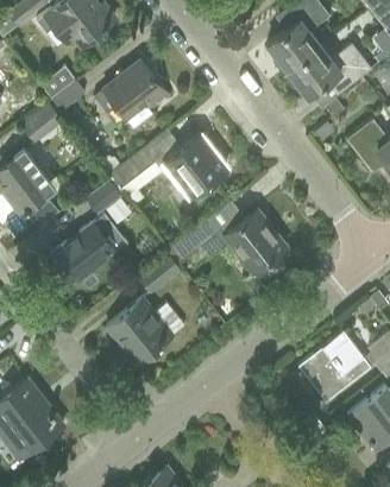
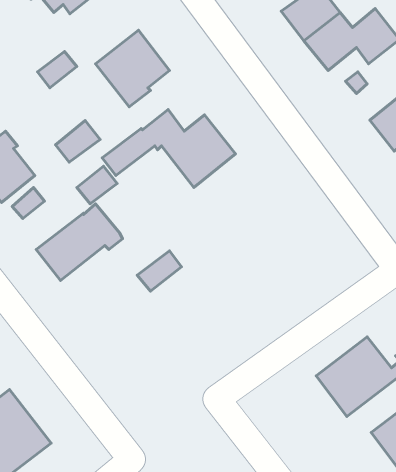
building: [23,105,62,141] -> [56,121,100,162]
building: [166,210,285,273] -> none
building: [106,299,183,363] -> none

